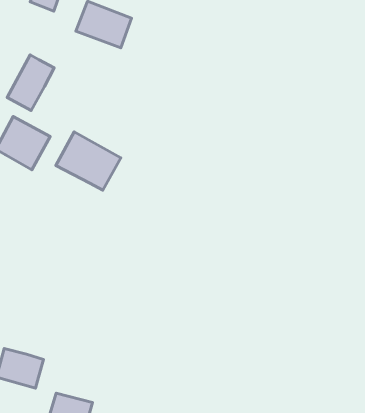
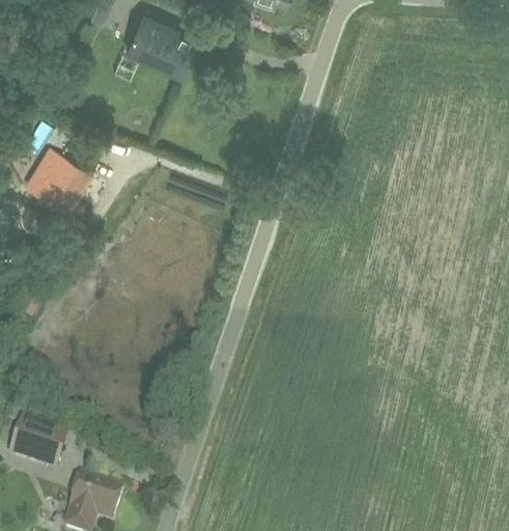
building: [7,55,54,110] -> none
building: [56,132,121,190] -> none

